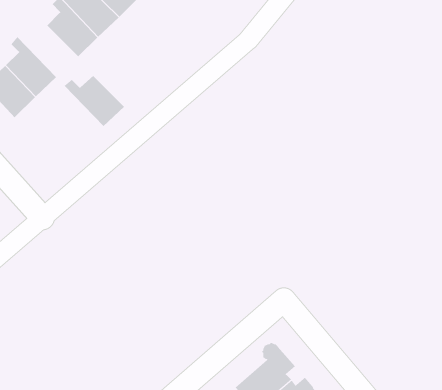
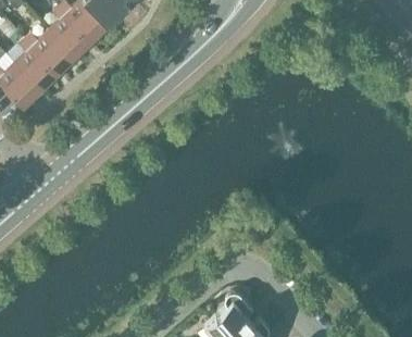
building: [64,75,125,127] -> [24,32,74,74]

